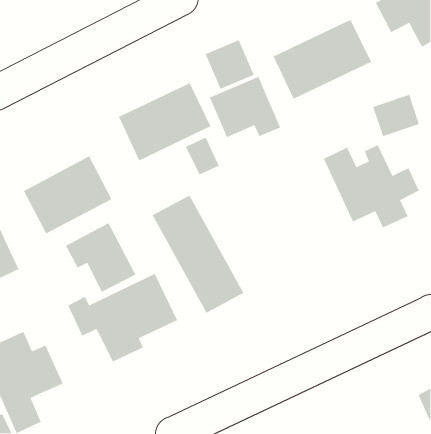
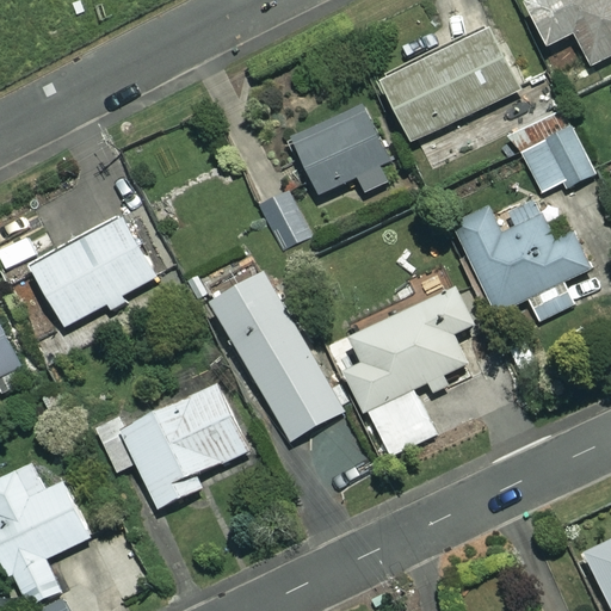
building: [205,39,255,90] -> none
building: [118,82,212,162] -> none
building: none -> [347,283,474,445]
building: [65,222,136,293] -> none

